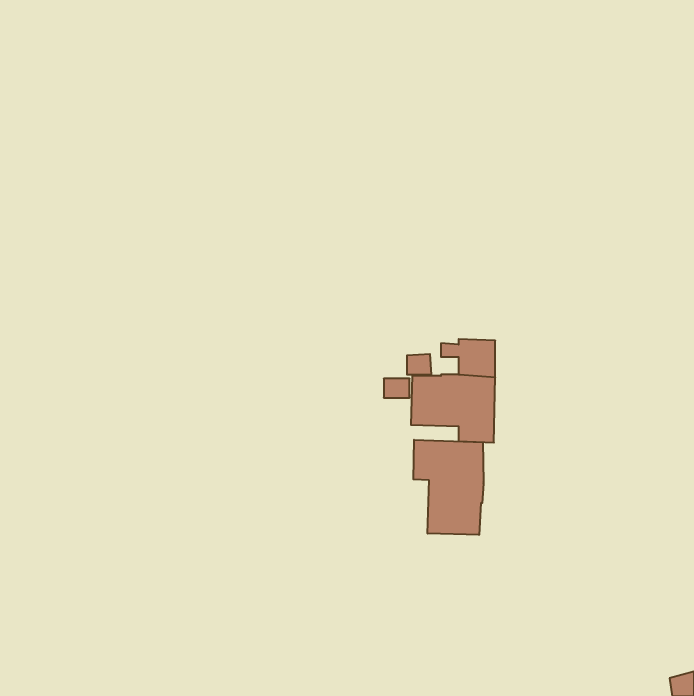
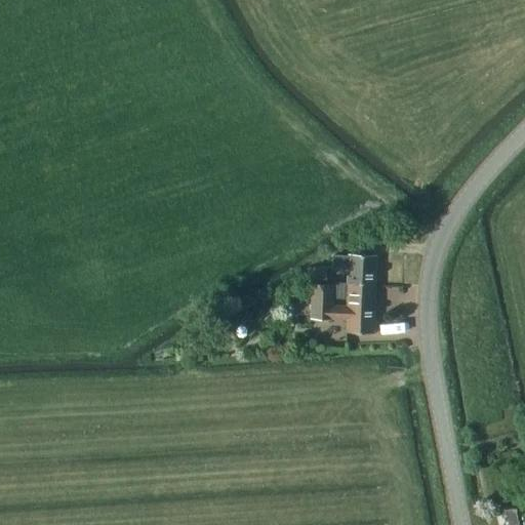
building: [413,440,483,535] -> none

